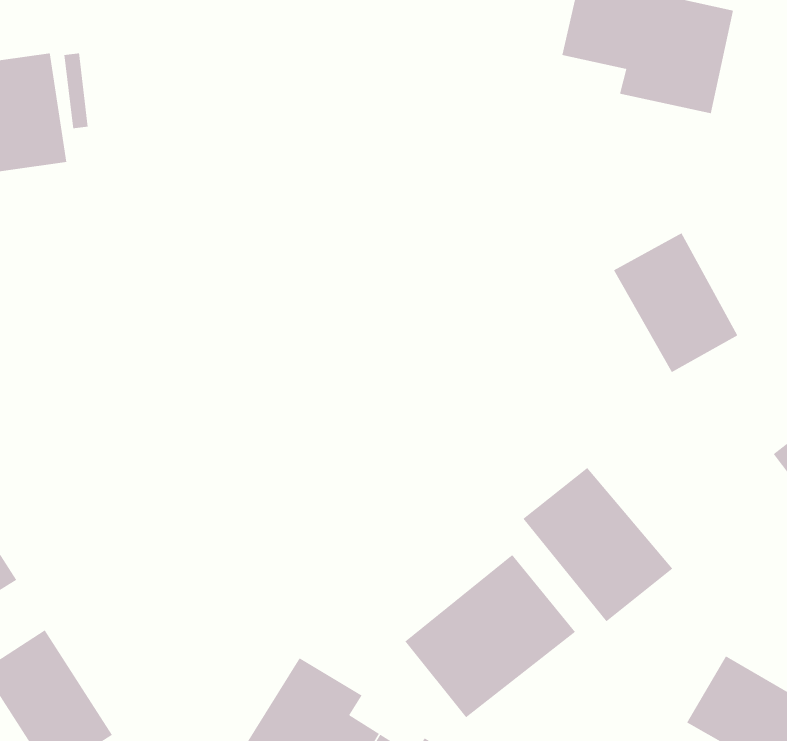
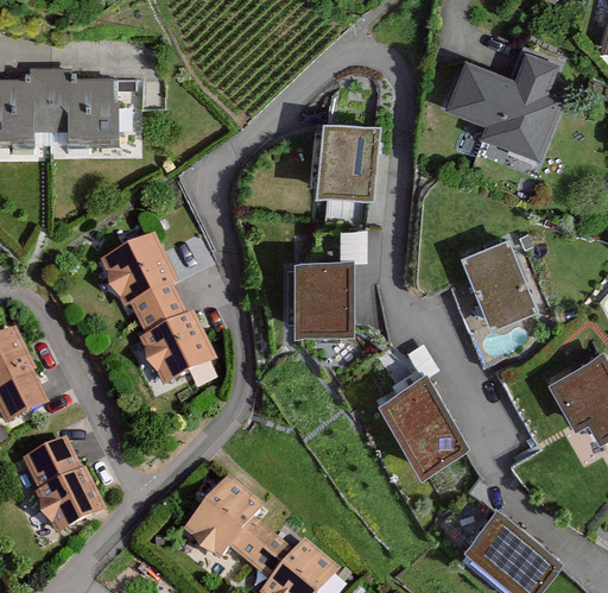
building: none -> [315,121,378,201]
building: none -> [297,261,354,340]
building: none -> [100,240,217,391]
building: [405,554,576,718] -> none

